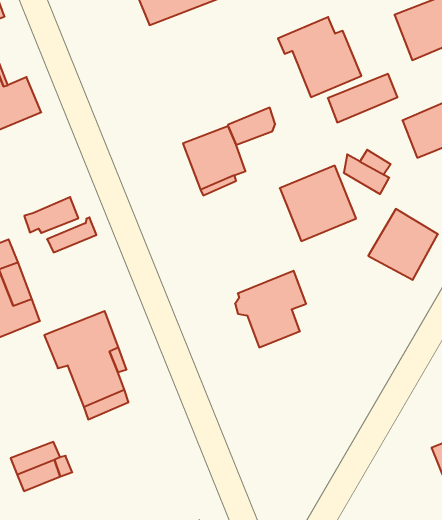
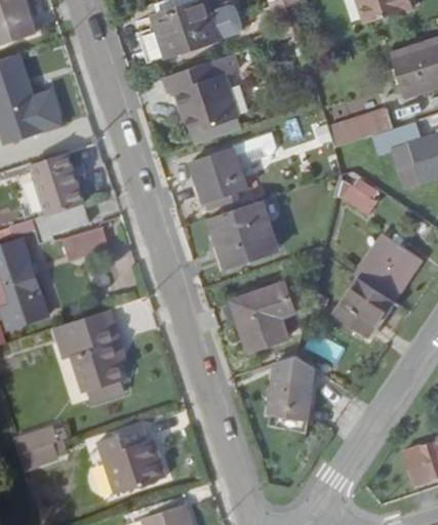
building: [278,17,361,97] -> [164,59,238,131]
building: none -> [35,150,87,214]
building: [280,166,356,241] -> [211,202,279,269]
building: none -> [333,275,394,334]
building: none -> [271,354,314,416]
building: none -> [101,428,168,494]

